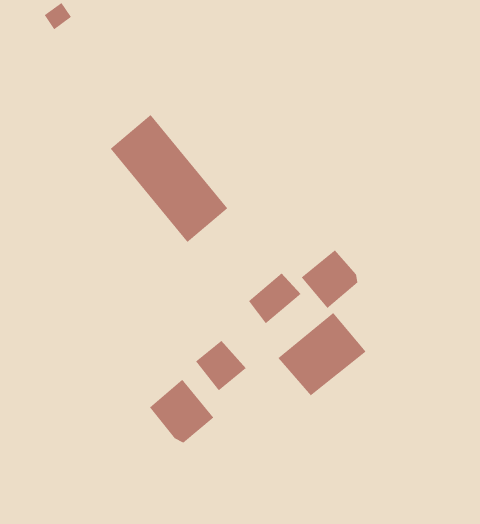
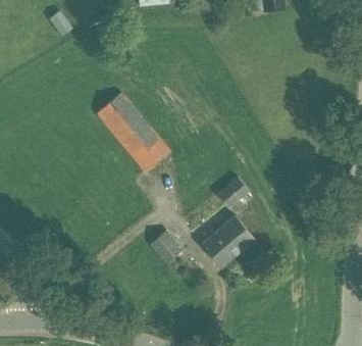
building: [248,272,301,324] -> none
building: [149,379,214,443] -> none

